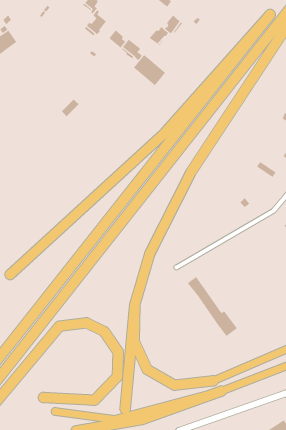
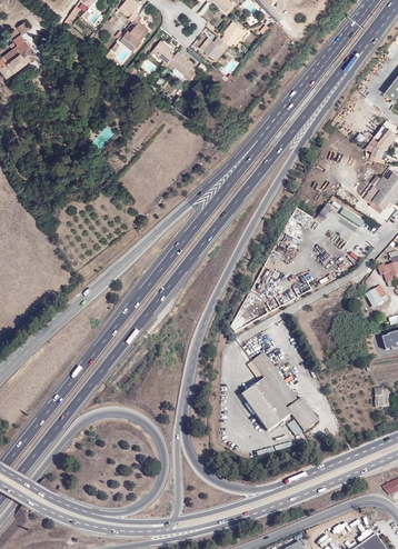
building: [133,54,166,86] -> none
building: none -> [241,378,290,431]

